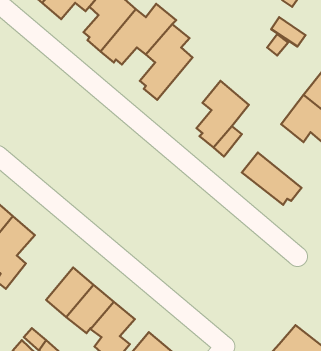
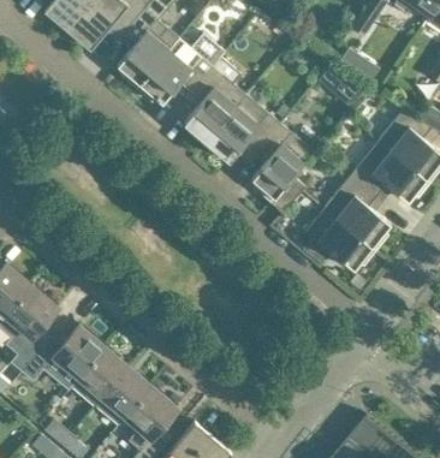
building: none -> [203,96,279,162]
building: none -> [323,176,390,251]
building: none -> [23,325,103,389]

